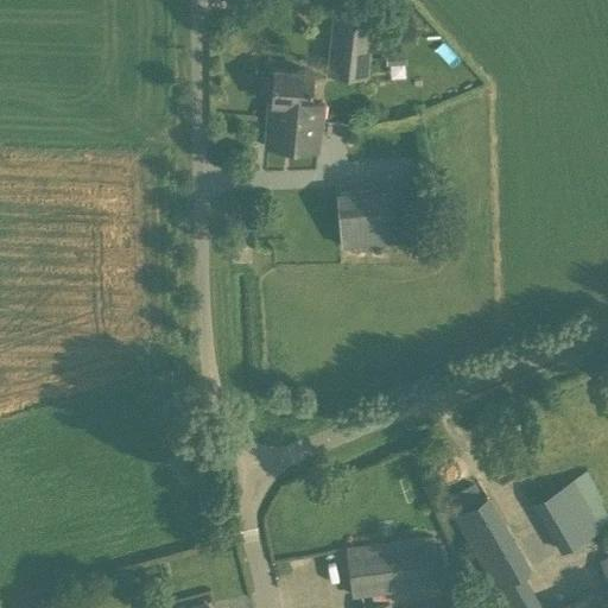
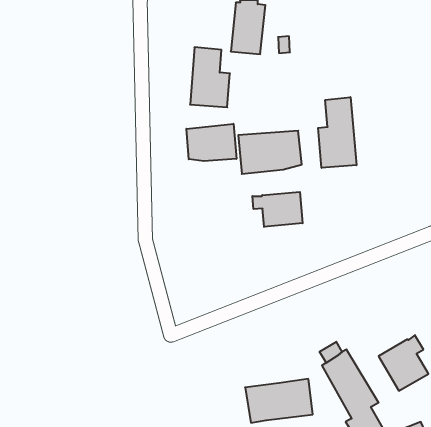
building: none -> [318,97,356,168]
building: none -> [186,124,236,161]
building: none -> [252,192,303,227]

